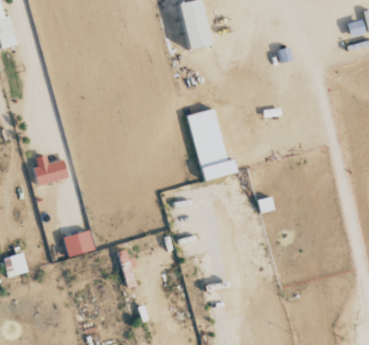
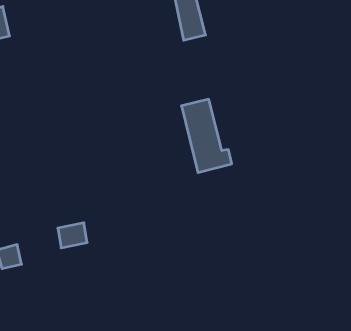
building: [34,156,67,183] -> none

